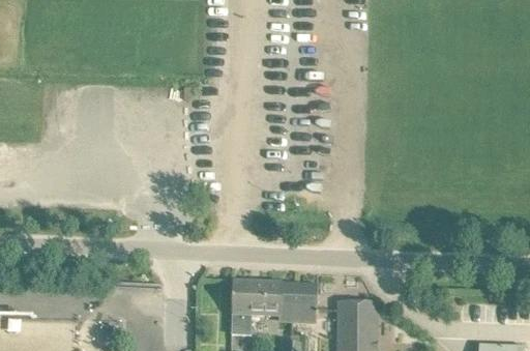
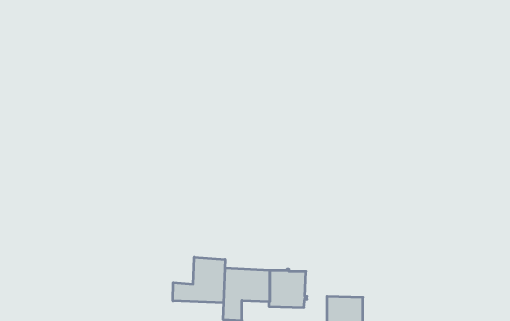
building: none -> [173,257,225,303]

